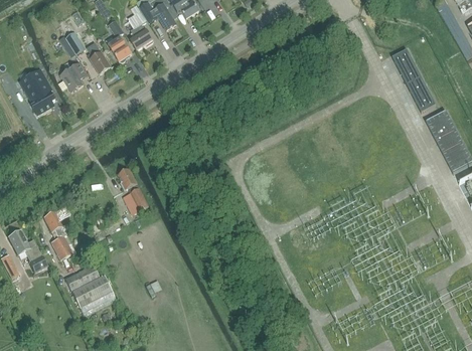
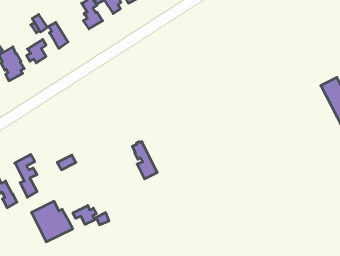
building: [106,20,131,61] -> none
building: [391,48,435,112] -> none
building: [117,167,148,213] -> [132,142,157,179]
building: none -> [73,205,96,224]

